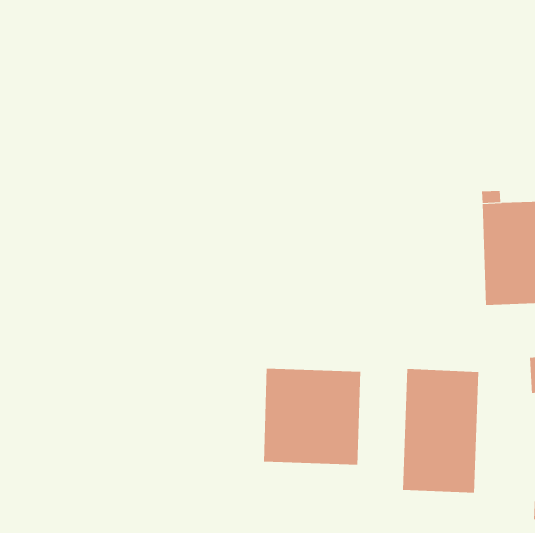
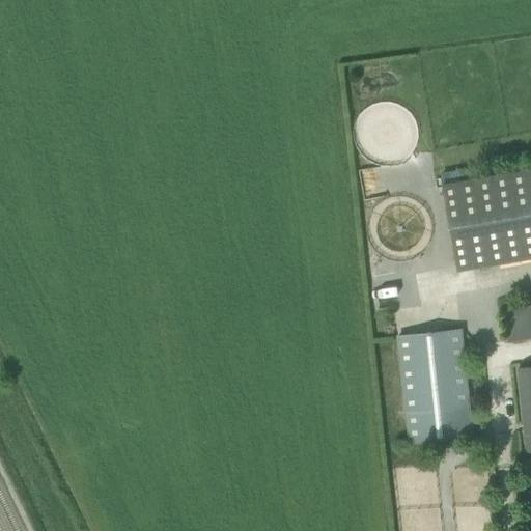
building: [263,368,361,466] -> none

